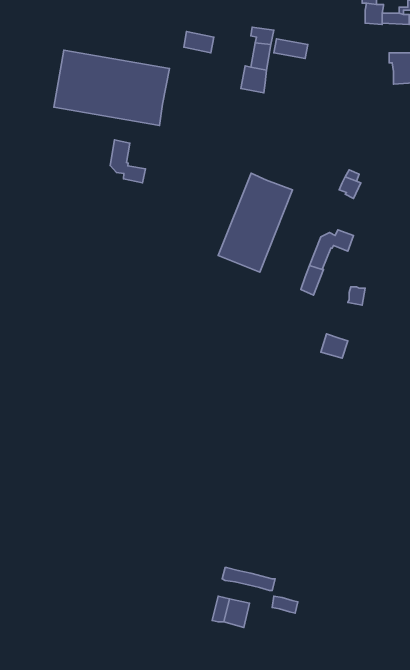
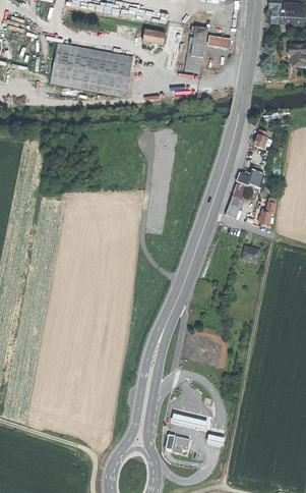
building: [110,140,146,183] -> none
building: [218,173,293,272] -> none

